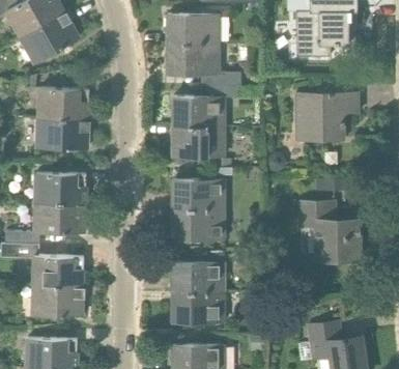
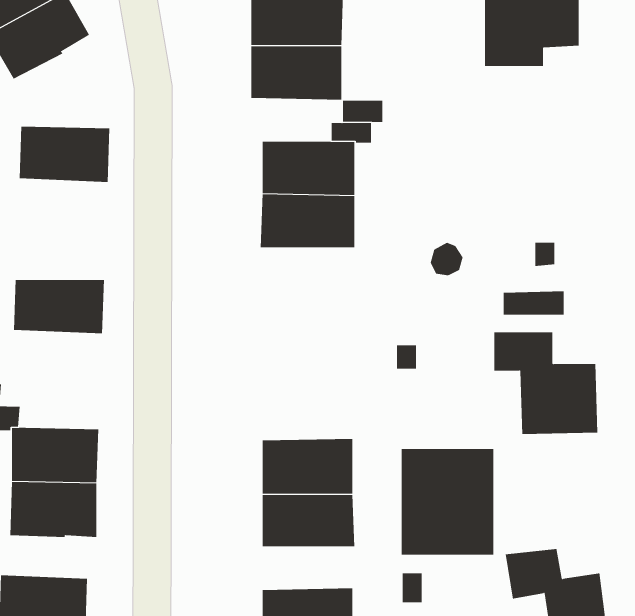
building: [296,92,358,141] -> none
building: [37,117,88,148] -> none
building: [173,179,225,238] -> [401,449,494,555]
building: [35,201,85,233] -> none

